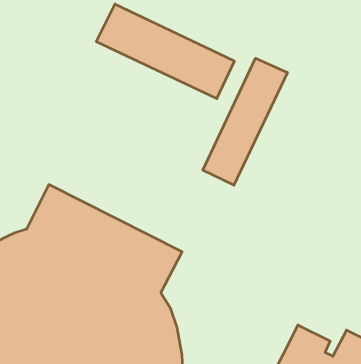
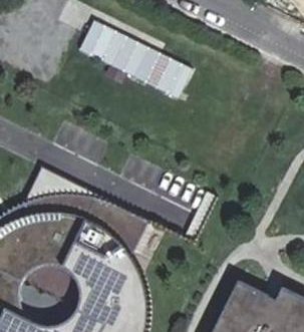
building: [203,58,287,185] -> none

